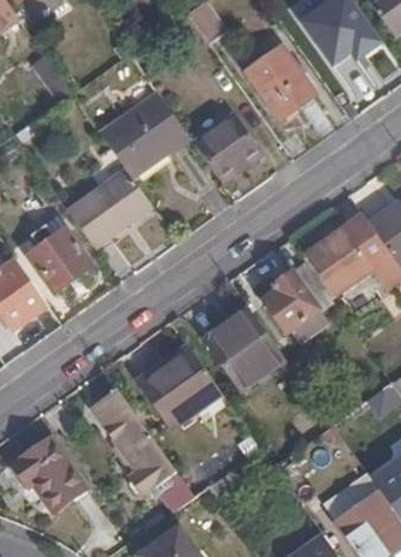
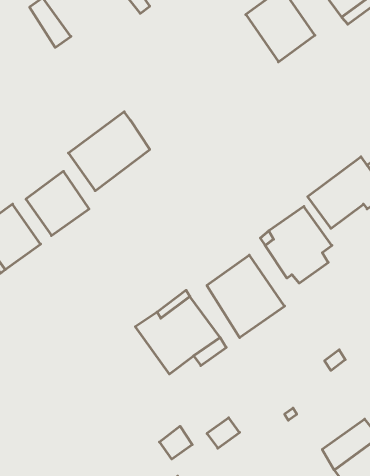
building: [100,91,187,176] -> none
building: [190,112,256,180] -> none
building: [89,387,175,492] -> none
building: [11,438,84,511] -> none

